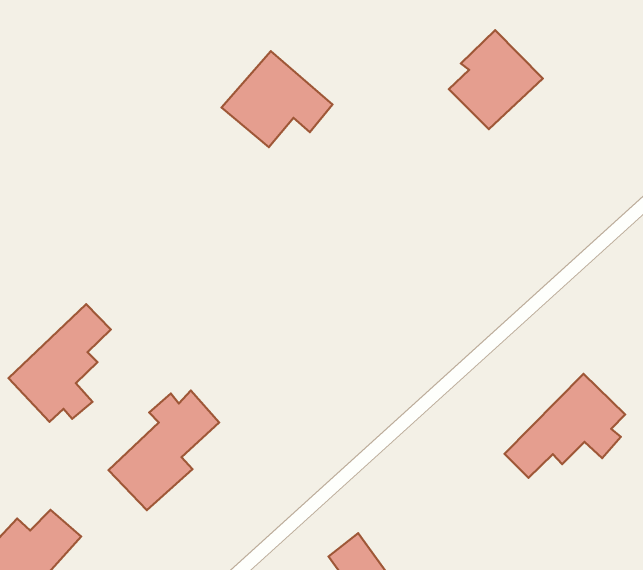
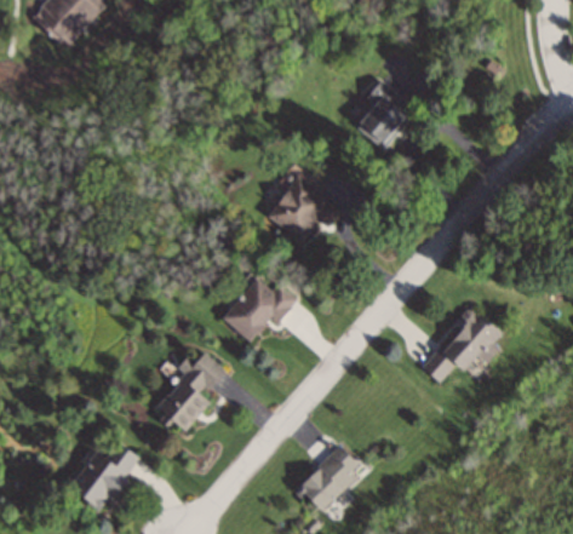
building: [222,51,333,147] -> [268,176,343,241]
building: none -> [223,277,298,341]
building: [8,304,111,422] -> none

